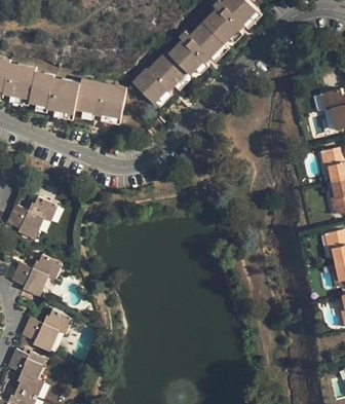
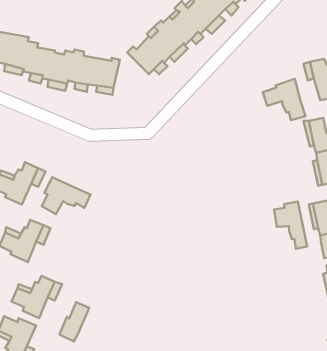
building: none -> [263,79,305,120]
building: none -> [42,177,90,214]
building: none -> [274,202,307,249]
building: none -> [59,302,89,342]

